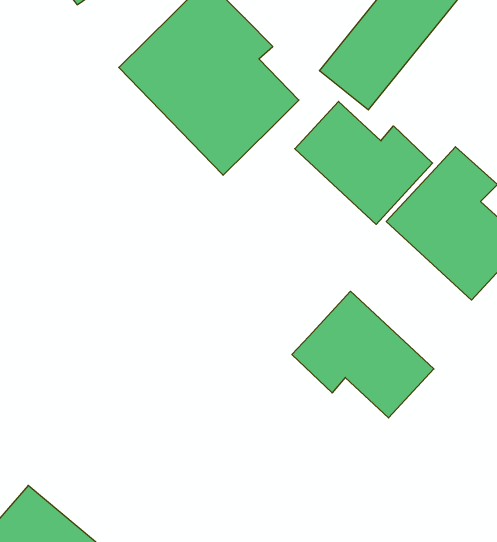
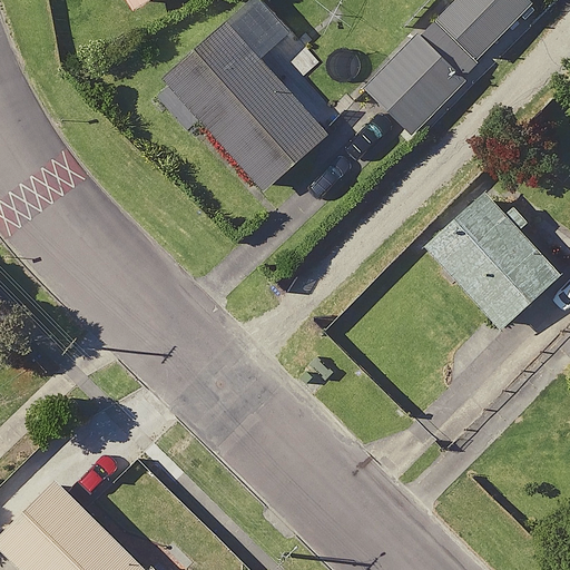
building: [295,101,433,224] -> none
building: [292,291,434,418] -> none

